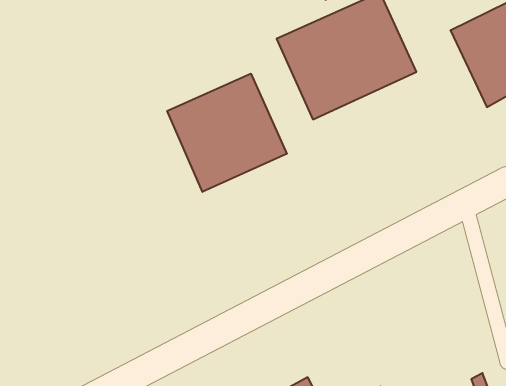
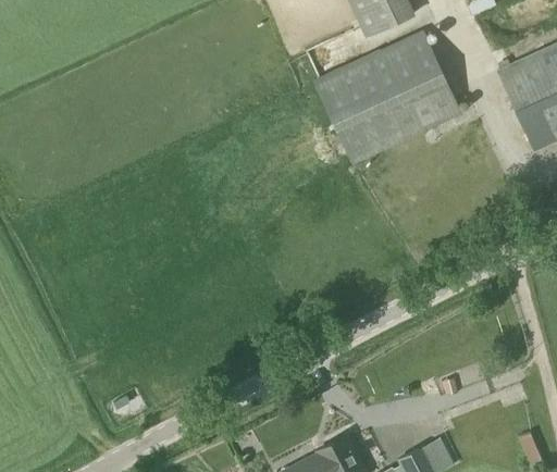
building: [167,74,287,192] -> none

